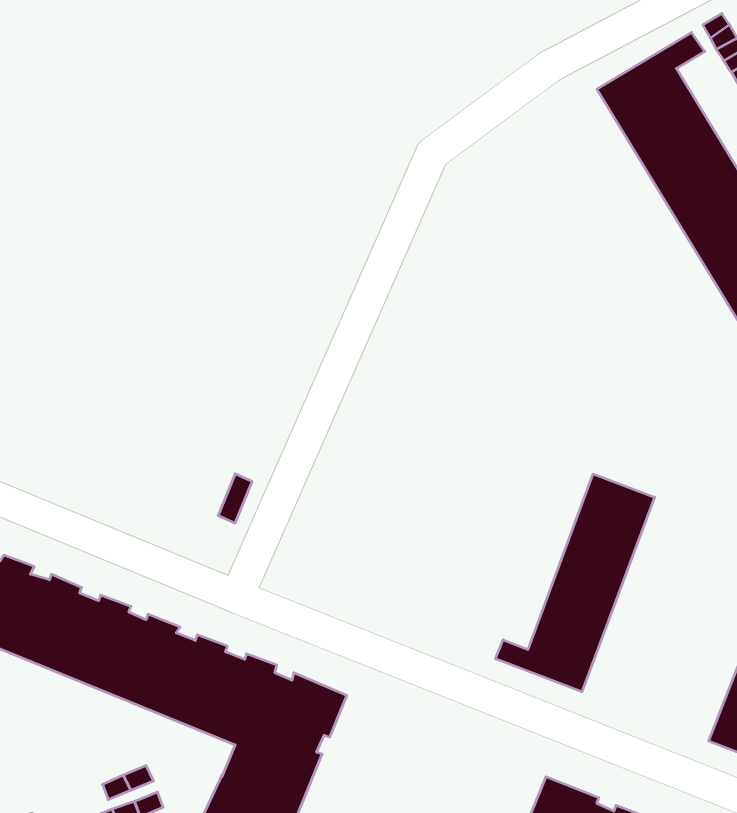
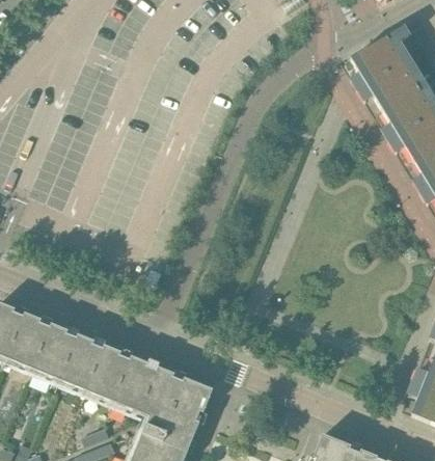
building: [496,474,655,692] -> none

